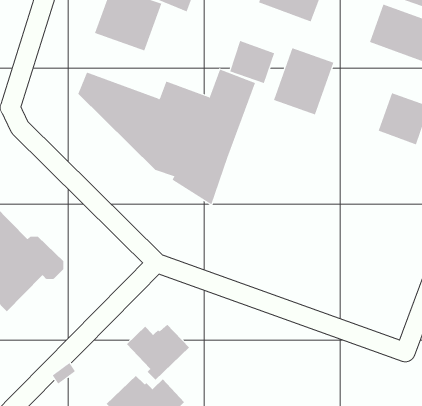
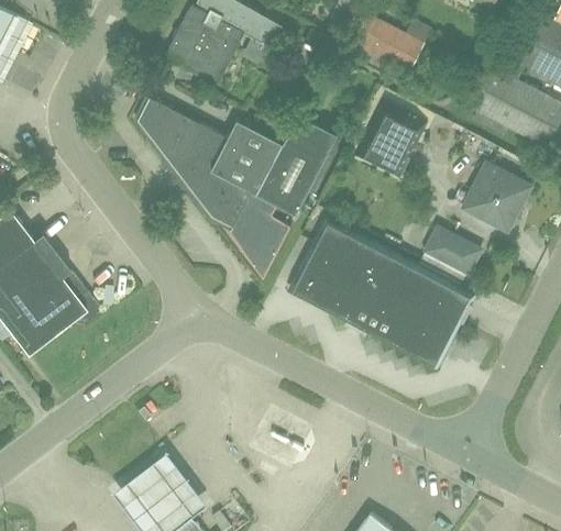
building: [229,40,275,84] -> none
building: none -> [426,229,481,274]
building: none -> [292,221,473,366]
building: [126,324,190,380] -> none

